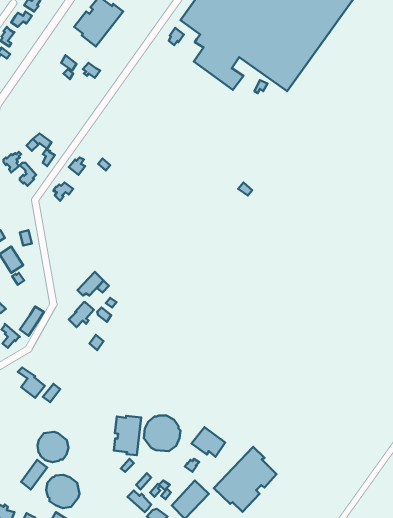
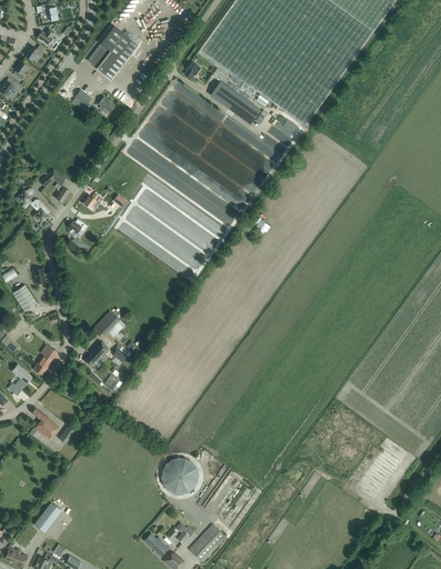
building: [114,416,141,455] -> none
building: [37,432,69,462] -> none
building: [214,447,277,512] -> none
building: [46,475,79,508] -> none

